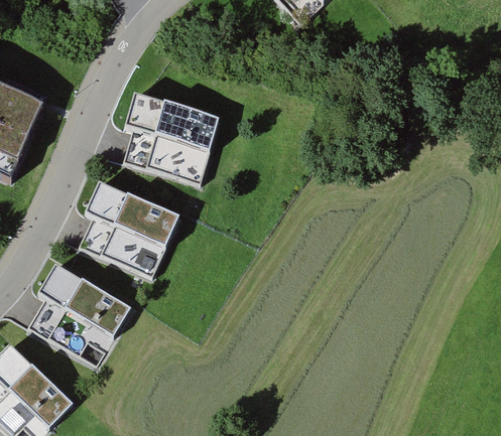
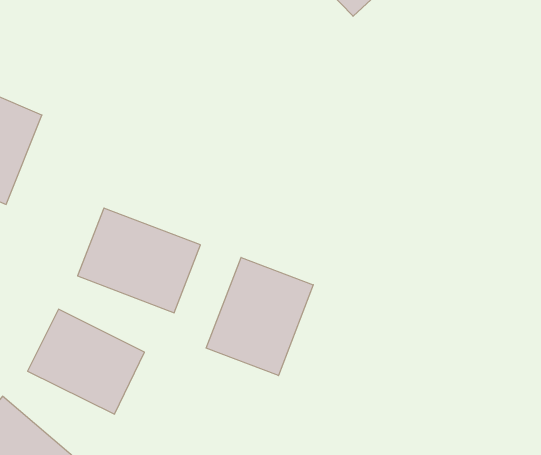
building: [117,94,219,178] -> none
building: none -> [206,257,313,376]

